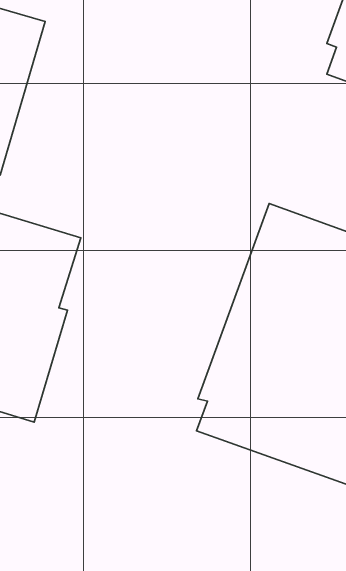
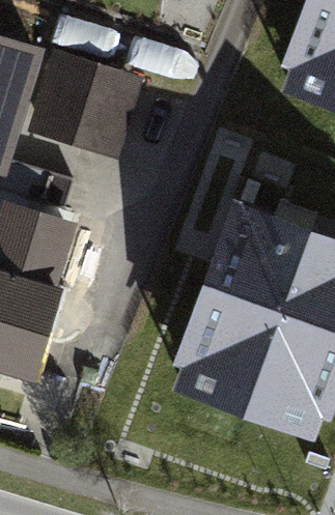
building: none -> [31,52,143,159]

